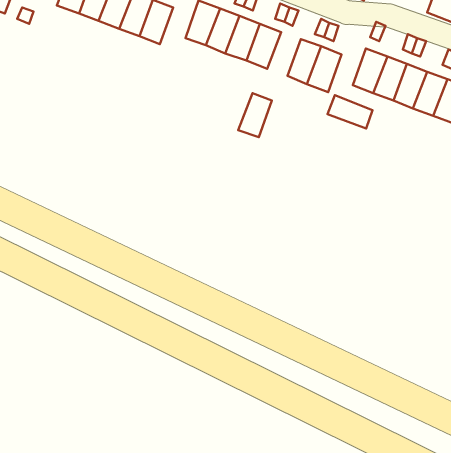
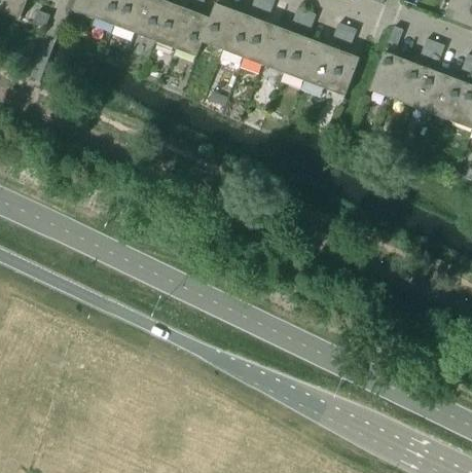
building: none -> [176,10,210,54]
building: [238,93,272,137] -> [284,35,318,79]
building: [327,95,373,129] -> none

